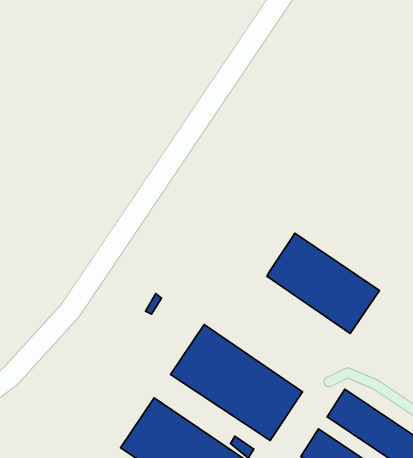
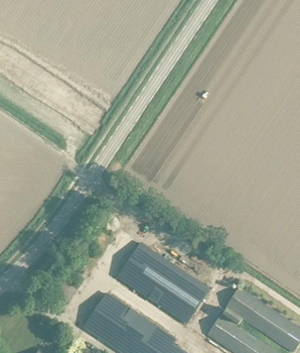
building: [267,233,379,334] -> none

